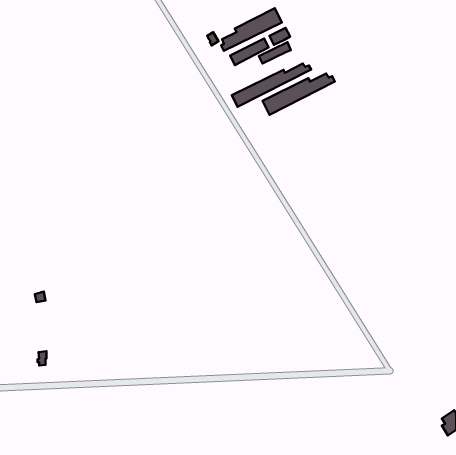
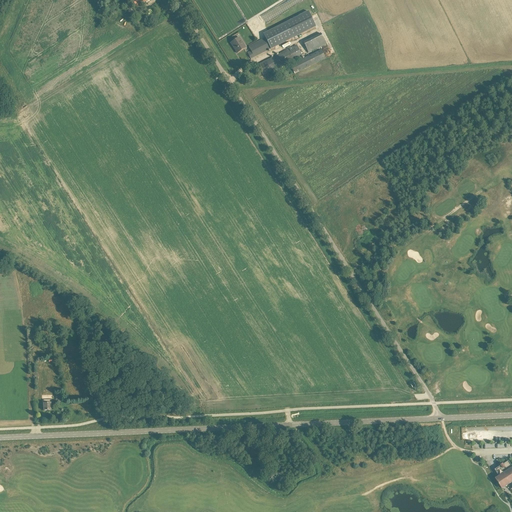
building: [232,64,311,107] -> none
building: [262,74,335,115] -> none

